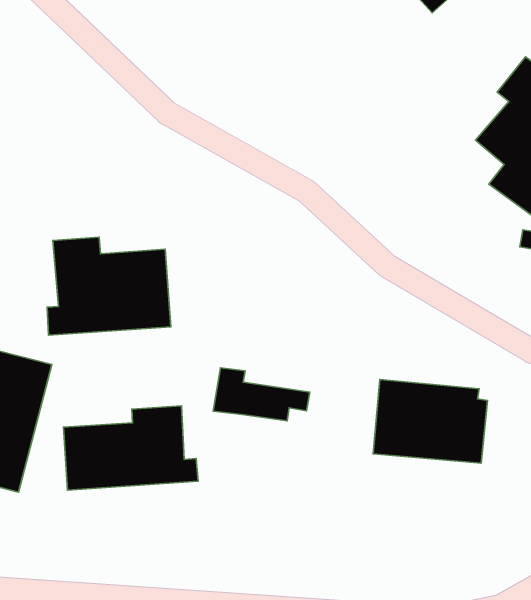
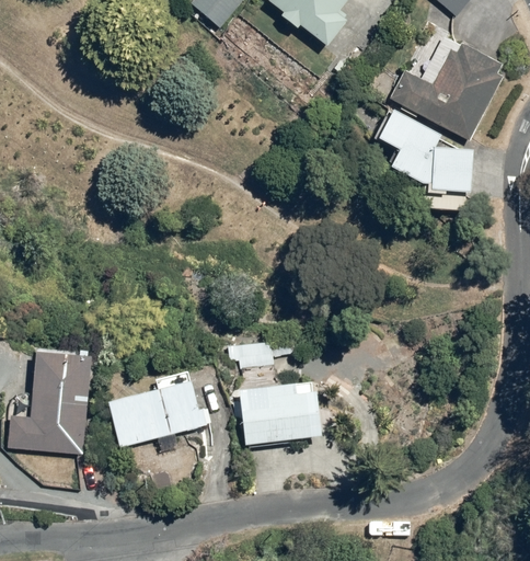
building: [47,237,171,335] -> none
building: [373,379,488,463] -> [239,381,324,443]

